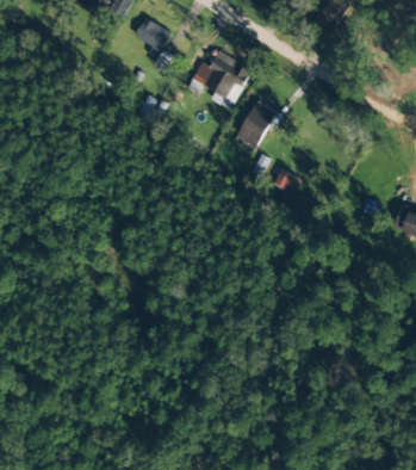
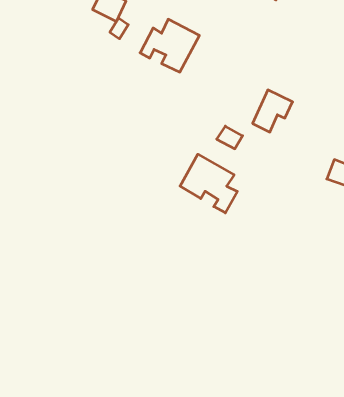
building: [237,99,281,146] -> [253,90,293,132]
building: none -> [180,154,237,213]

